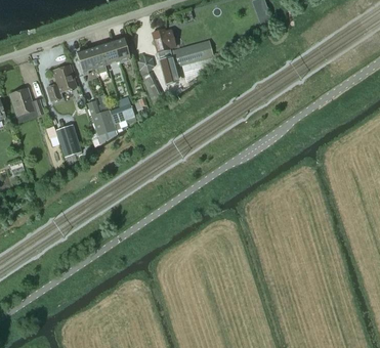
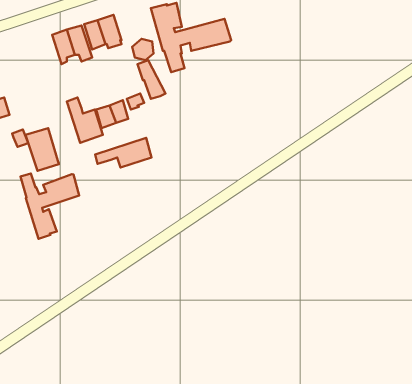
building: [47,66,76,101] -> none
building: none -> [95,138,152,168]
building: none -> [21,174,79,239]

